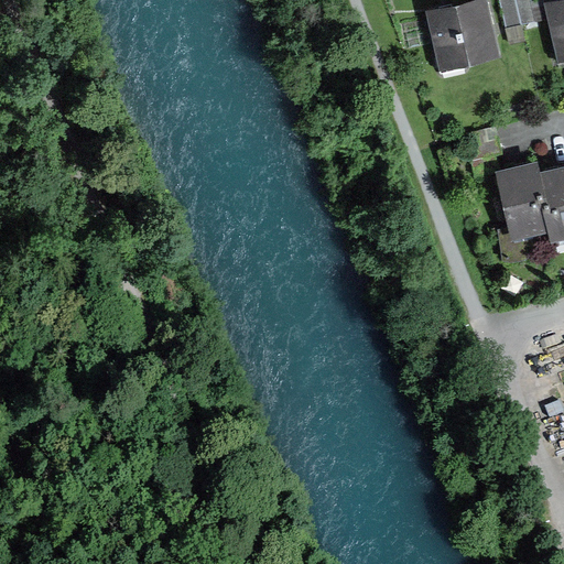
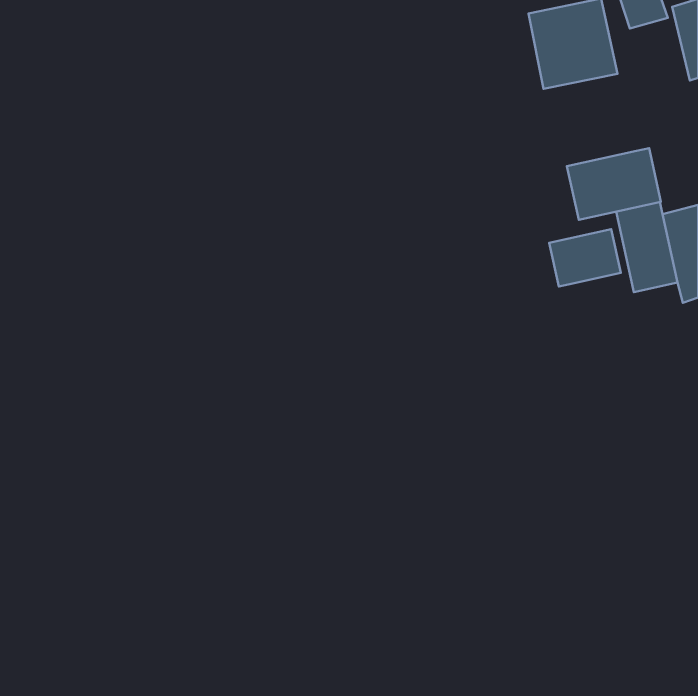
building: none -> [567,148,661,220]
building: none -> [549,229,621,287]

